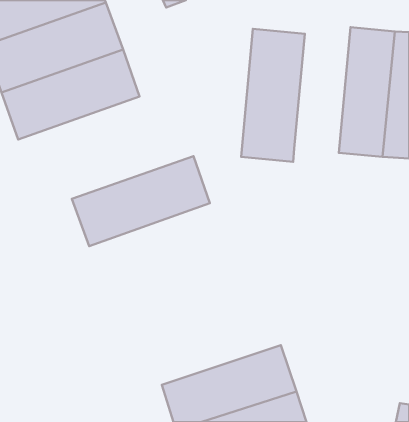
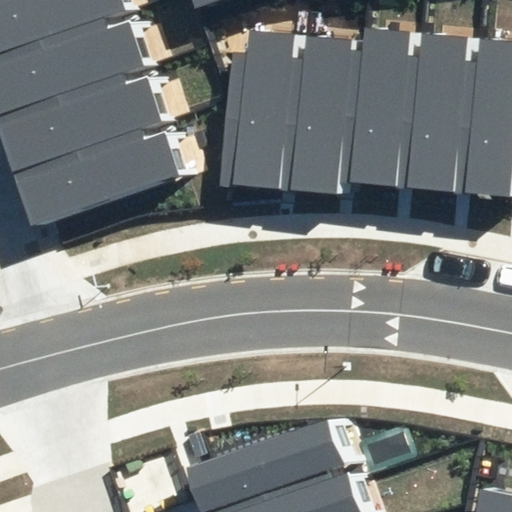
building: none -> [356,28,424,185]
building: none -> [223,30,306,190]
building: [72,156,210,246] -> [22,117,189,226]

